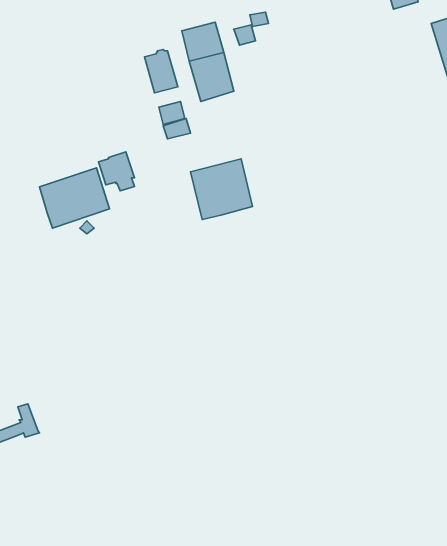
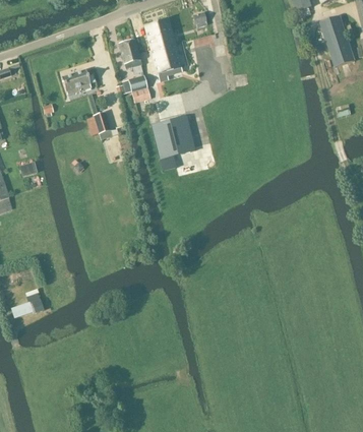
building: none -> [60,70,94,95]
building: [40,168,109,228] -> none

